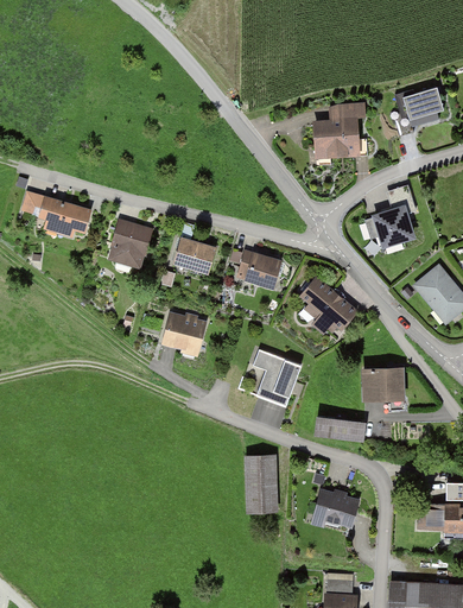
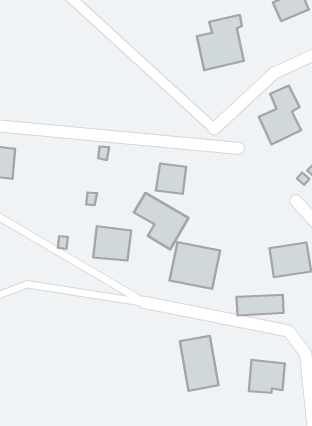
building: [106,221,151,271] -> none
building: [170,239,213,276] -> none
building: [297,278,357,346] -> [134,193,189,249]

